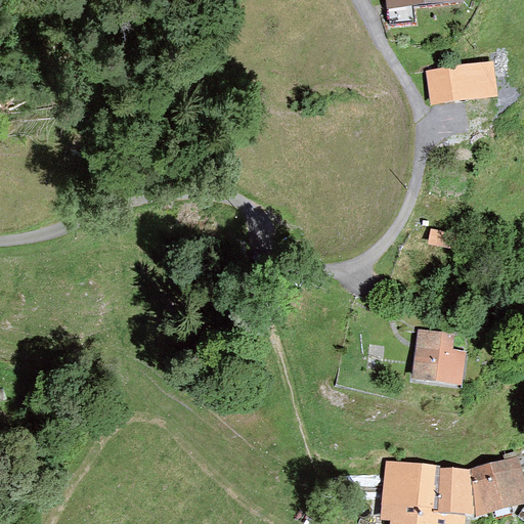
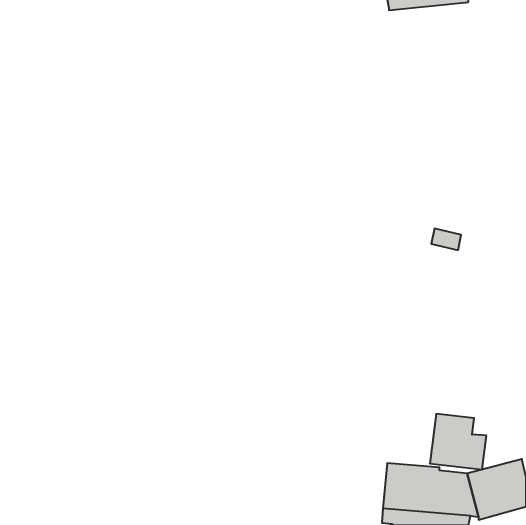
building: [426,61,492,102] -> none
building: [410,329,467,384] -> [430,414,486,470]

